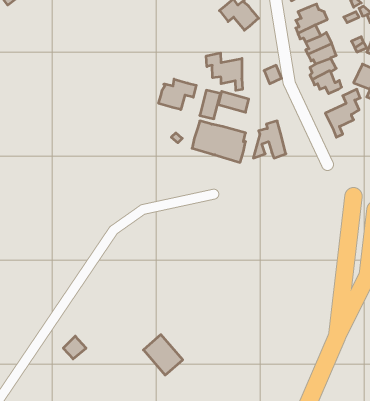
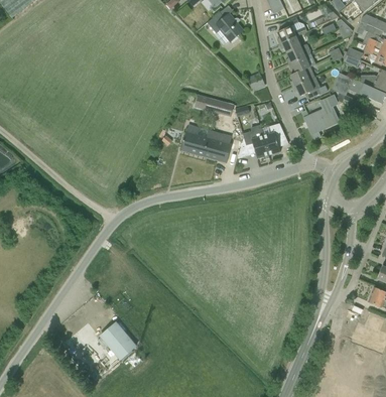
building: [206,53,242,90] -> none
building: [159,79,196,110] -> none
building: none -> [263,122,288,154]
building: [143,335,183,375] -> [100,321,136,359]

